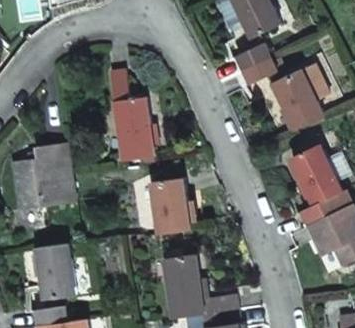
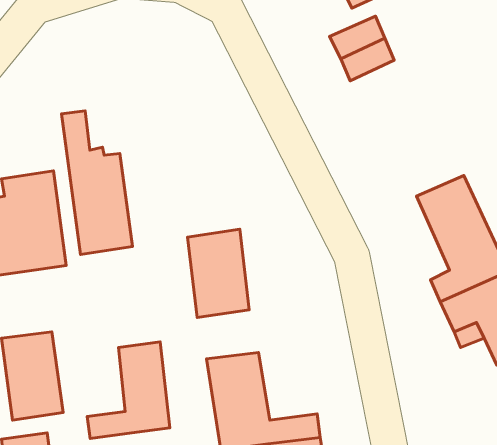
building: [275,63,333,129] -> none
building: [107,70,152,161] -> [61,111,132,254]
building: none -> [87,342,170,439]

